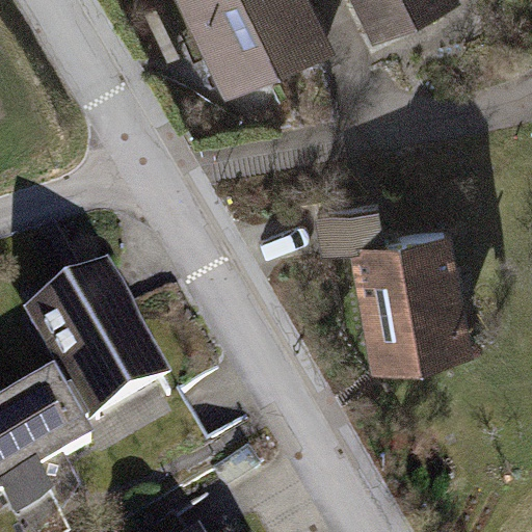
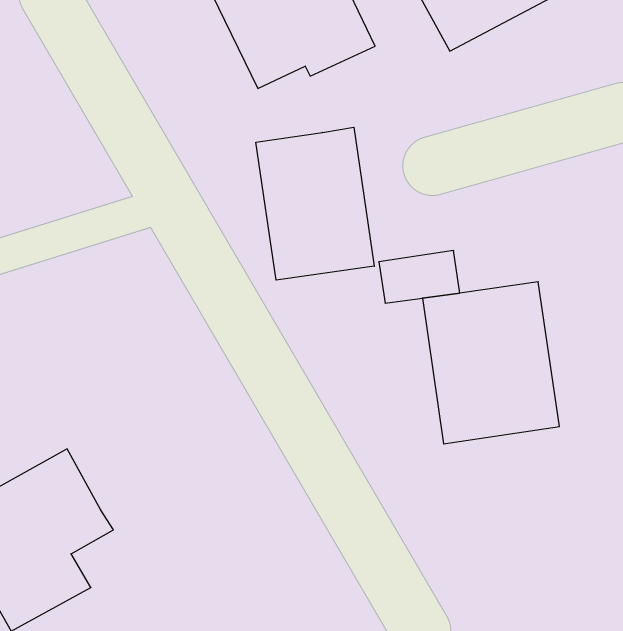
building: none -> [256,127,374,280]
building: [22,267,168,425] -> none

